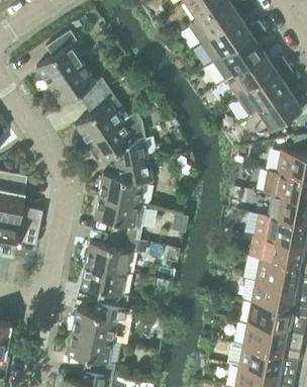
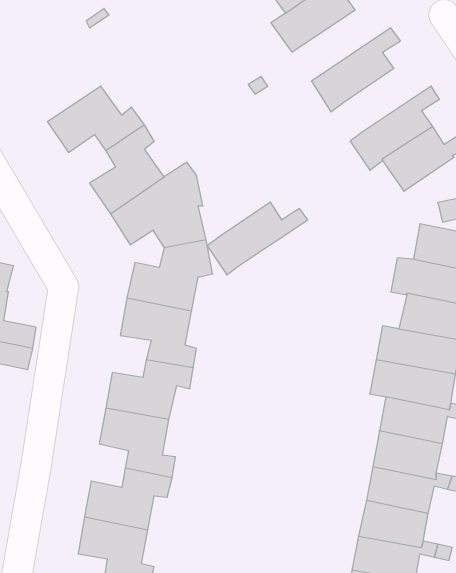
building: [202,17,264,62] -> none
building: [37,28,83,87] -> none
building: [226,54,289,99] -> [207,202,308,275]

